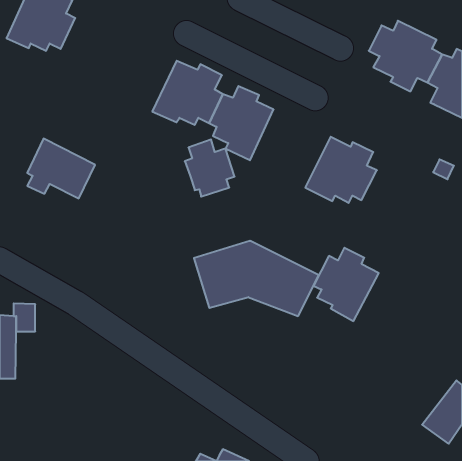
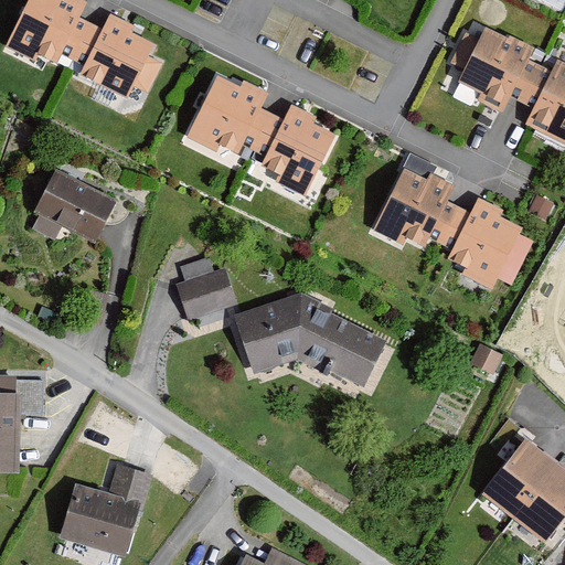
building: none -> [74,13,162,98]
building: [185,139,235,197] -> [175,257,236,327]
building: [313,248,379,321] -> [440,198,520,287]
building: none -> [481,438,556,518]
building: none -> [60,462,149,554]

